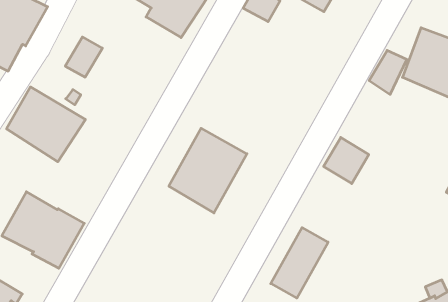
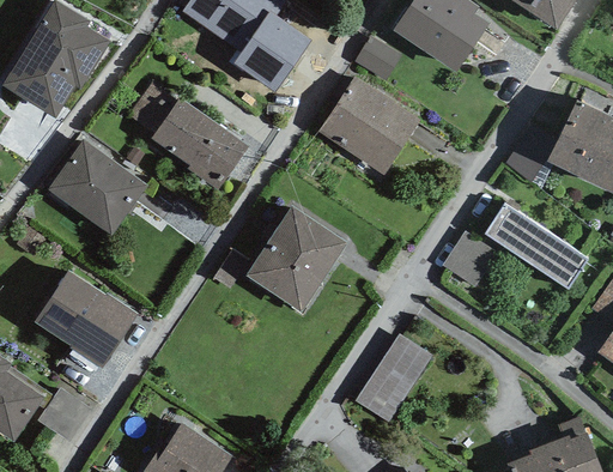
building: none -> [318,77,419,174]
building: none -> [151,97,247,189]
building: none -> [484,202,587,290]

